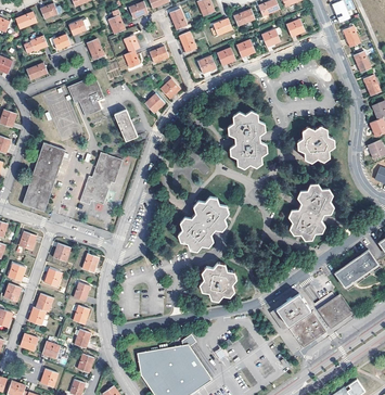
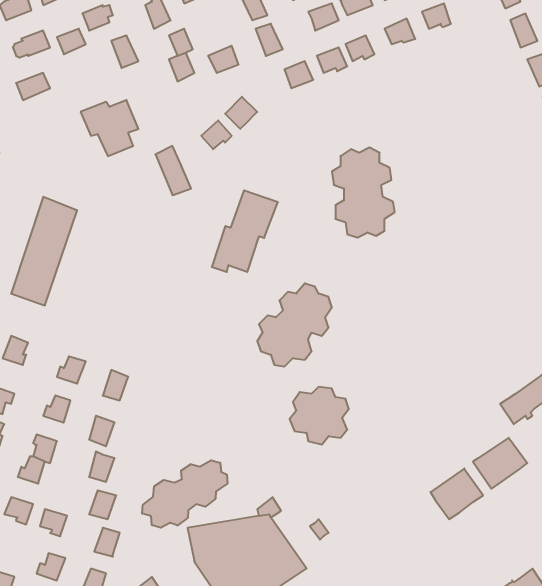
building: [298,126,336,162] -> none
building: [80,153,123,205] -> [212,190,278,272]
building: [288,186,333,243] -> none
building: [270,295,310,331] -> none
building: none -> [142,460,228,528]

